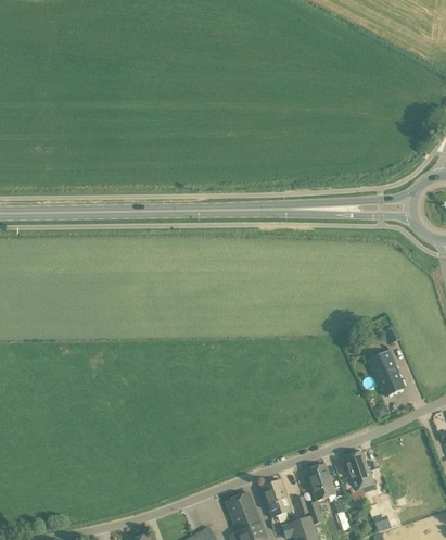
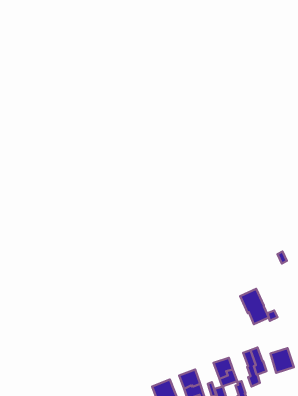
building: [369,351,406,397] -> [240,289,269,324]
building: none -> [270,348,294,373]

